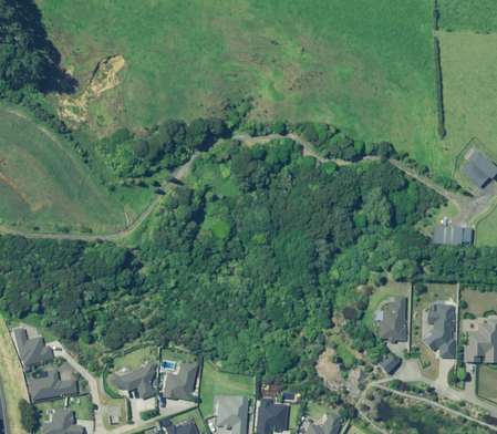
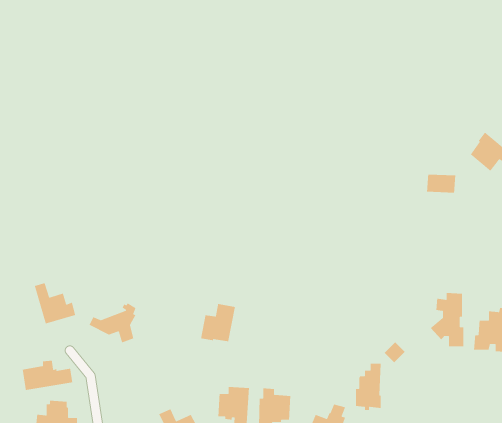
building: [435,226,464,245] -> [426,174,456,193]
building: [380,296,405,342] -> [355,363,381,411]
building: [12,326,53,366] -> [34,282,76,325]
building: [108,359,155,399] -> [88,302,136,344]
building: [163,362,197,400] -> [200,303,236,342]

